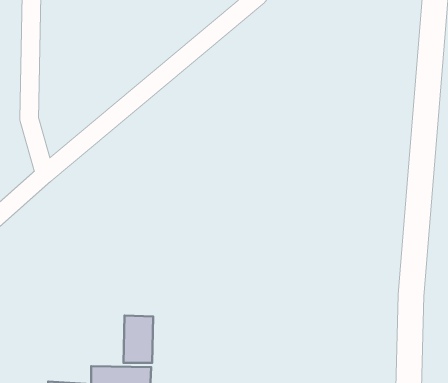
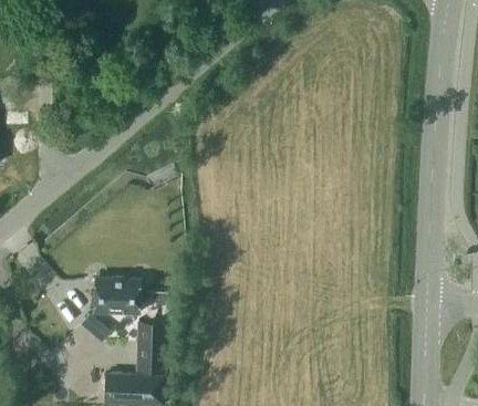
building: none -> [94,278,139,312]

